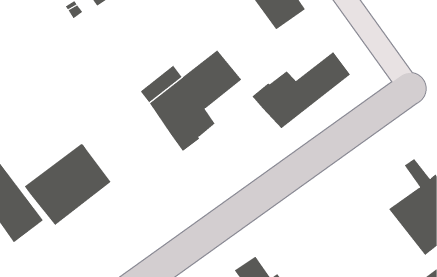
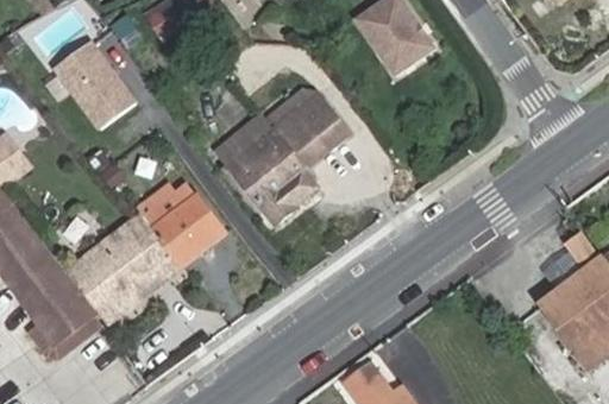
building: none -> [51,46,132,133]
building: [251,51,351,129] -> none
building: none -> [145,184,226,267]

